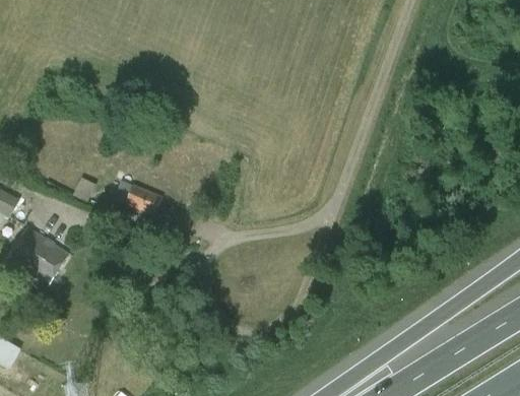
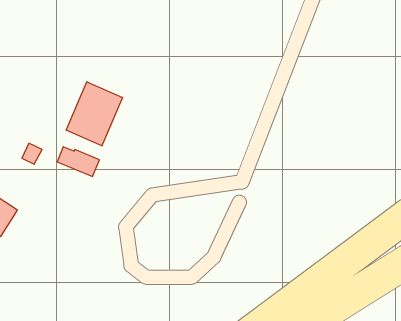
building: none -> [66,82,123,146]

